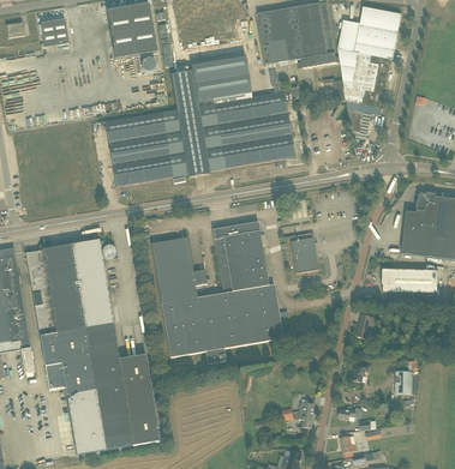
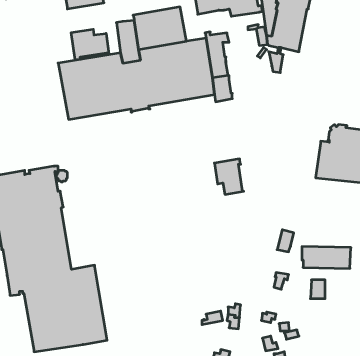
building: none -> [71,29,109,60]
building: [150,221,282,362] -> none
building: [381,267,437,293] -> [302,247,351,268]

